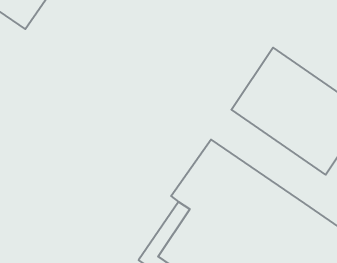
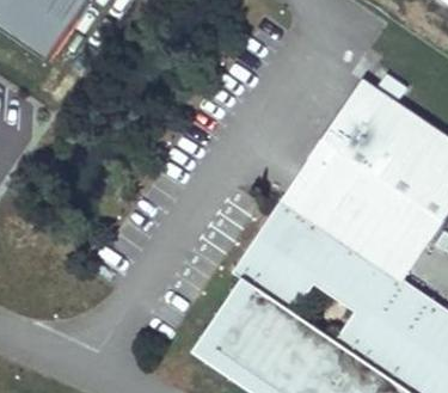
building: none -> [284,161,431,282]

